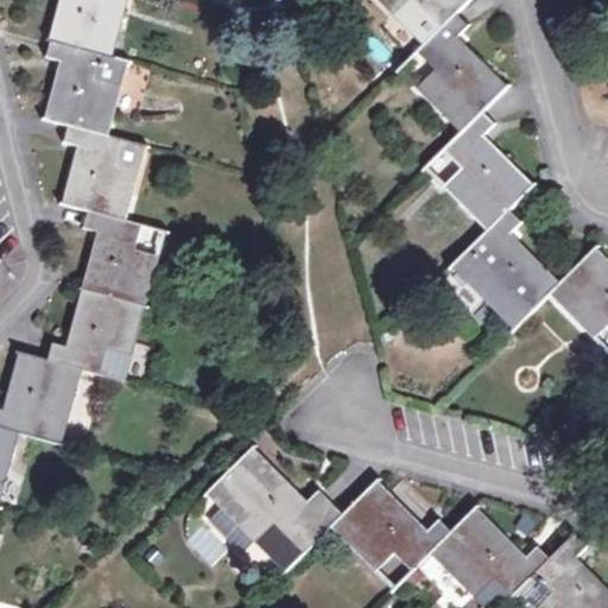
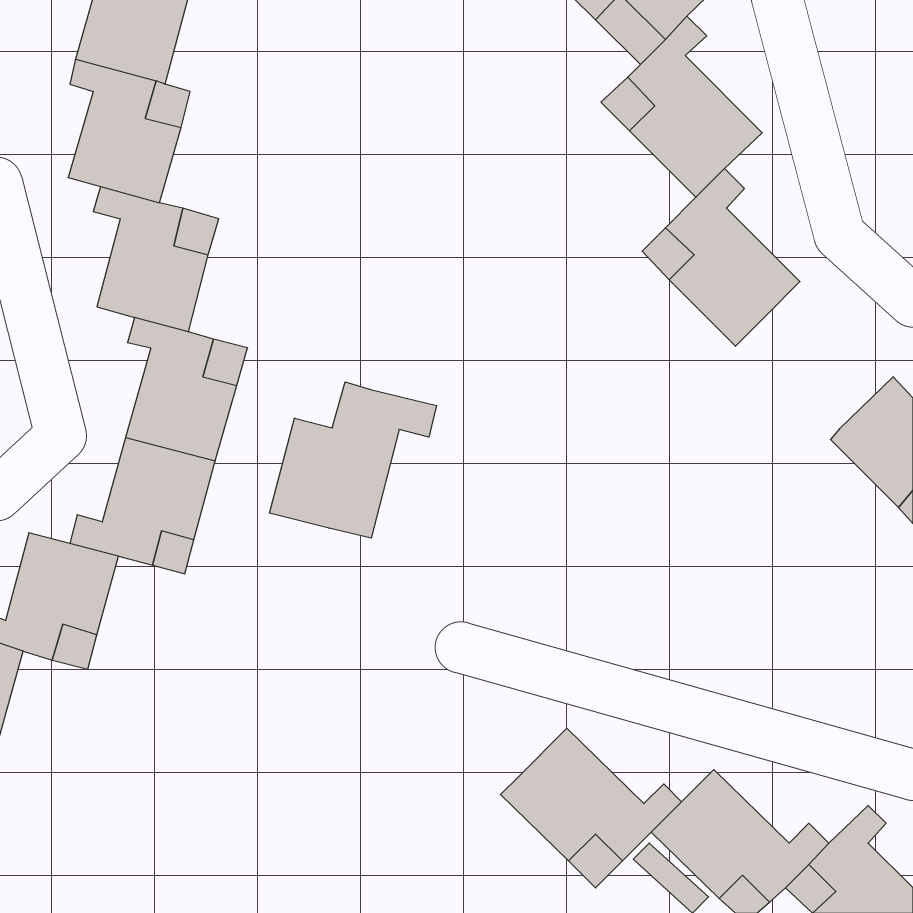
building: [451,209,556,327] -> none
building: none -> [269,382,436,538]
building: [207,448,343,571] -> none

